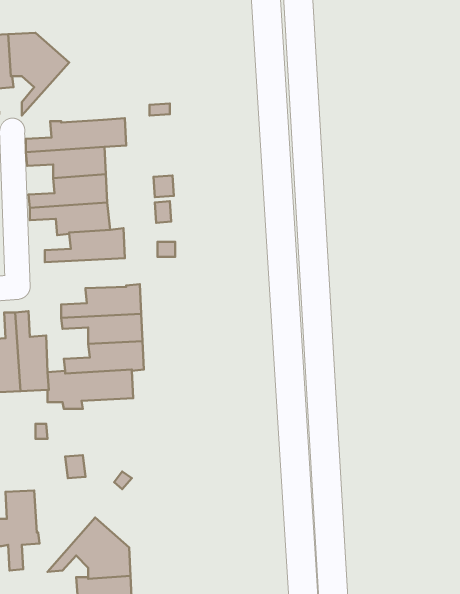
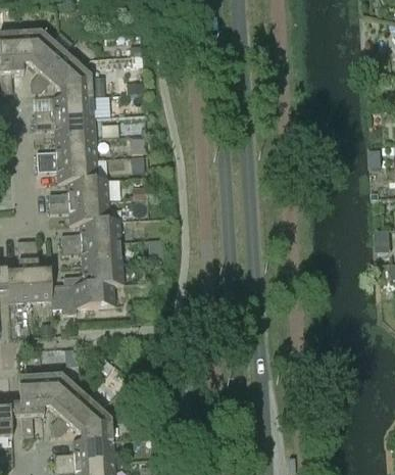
building: none -> [31,53,92,98]
building: none -> [48,200,109,224]
building: none -> [40,374,86,436]

